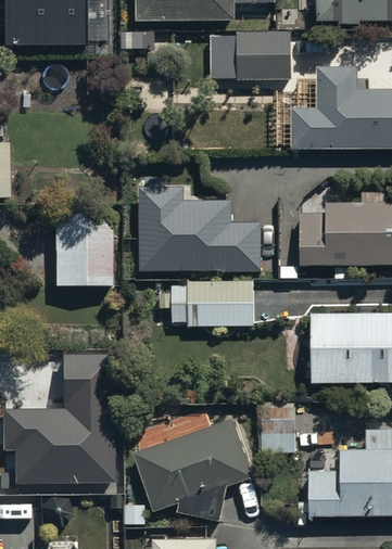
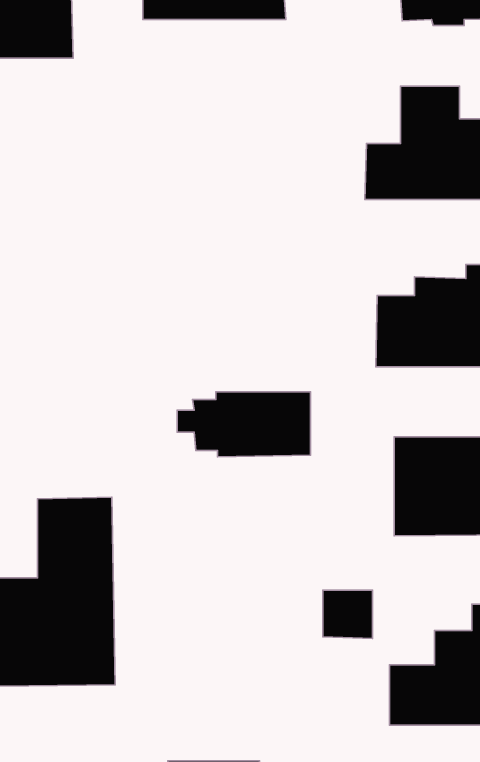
building: [237,31,292,79] -> none
building: [139,188,261,270] -> none
building: [54,213,112,285] -> none
building: [131,419,252,522] -> none

